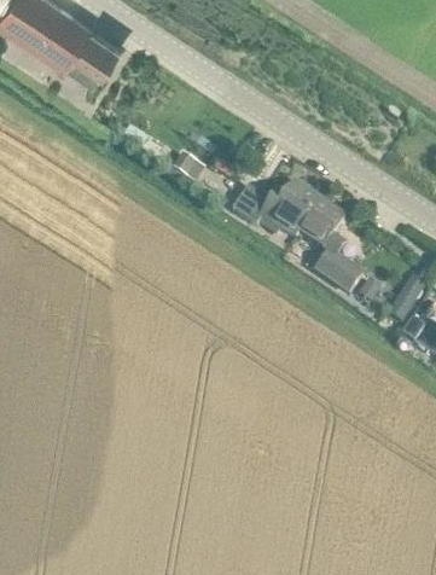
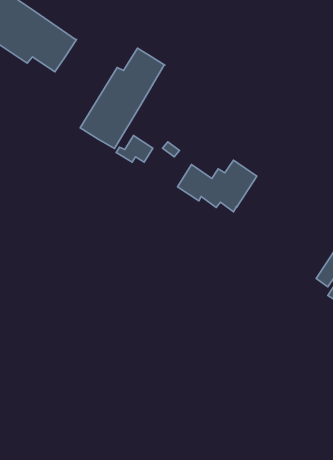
building: none -> [80,48,165,149]
building: [298,201,362,296] -> none

